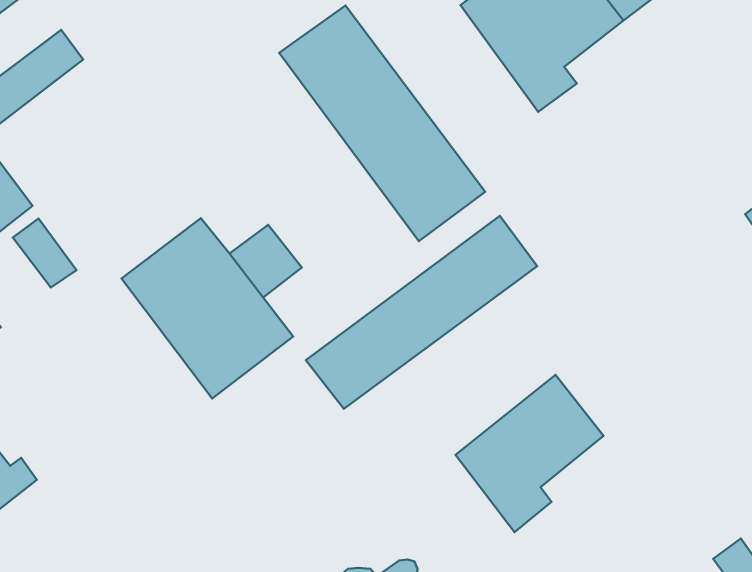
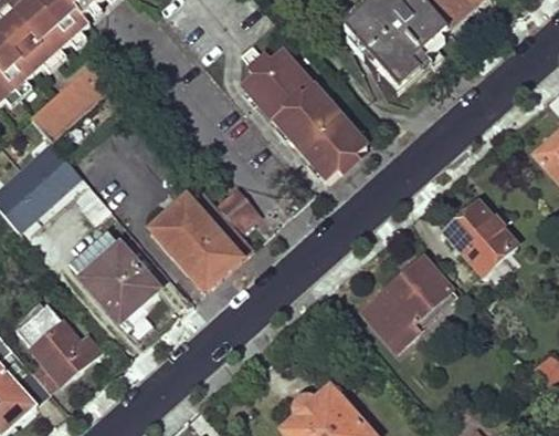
building: [306,216,537,409] -> none
building: none -> [442,201,517,277]
building: none -> [82,246,156,316]

